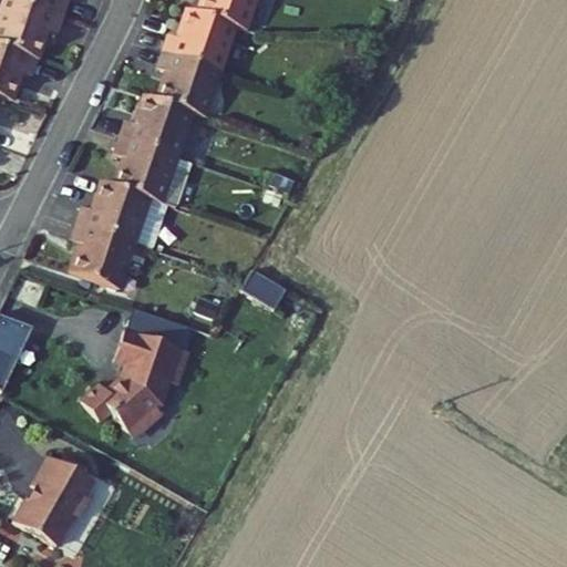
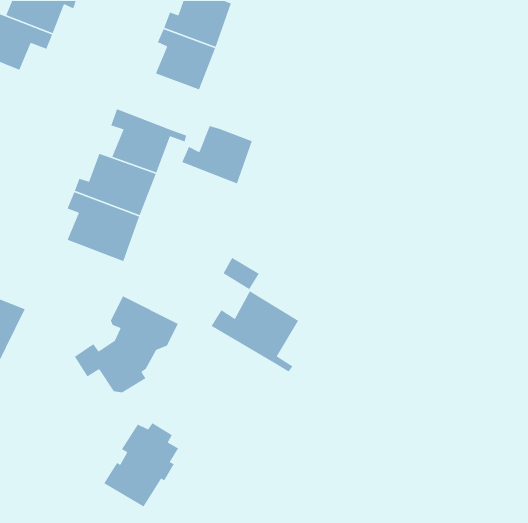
building: [124,84,200,147] -> [181,125,253,184]
building: none -> [210,290,299,373]
building: [18,446,99,537] -> [103,422,179,508]

